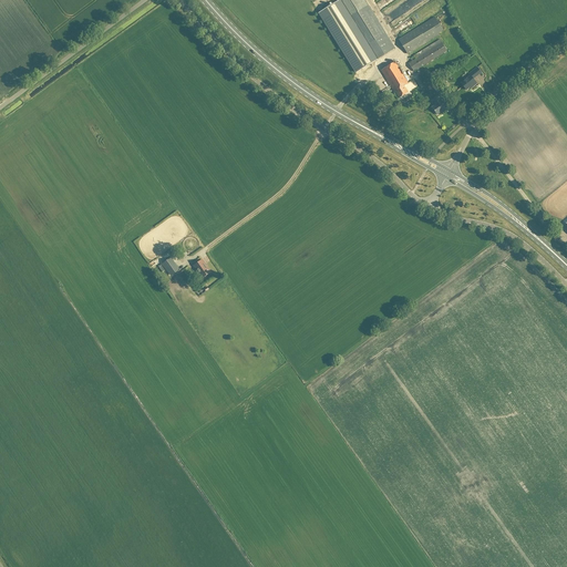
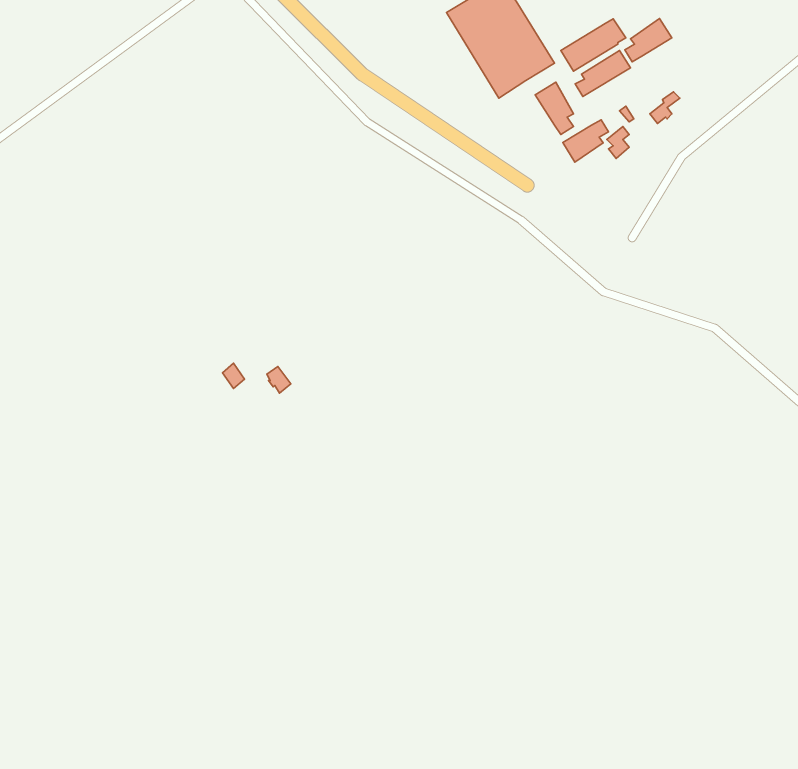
building: none -> [625,19,672,62]
building: none -> [563,120,608,162]

